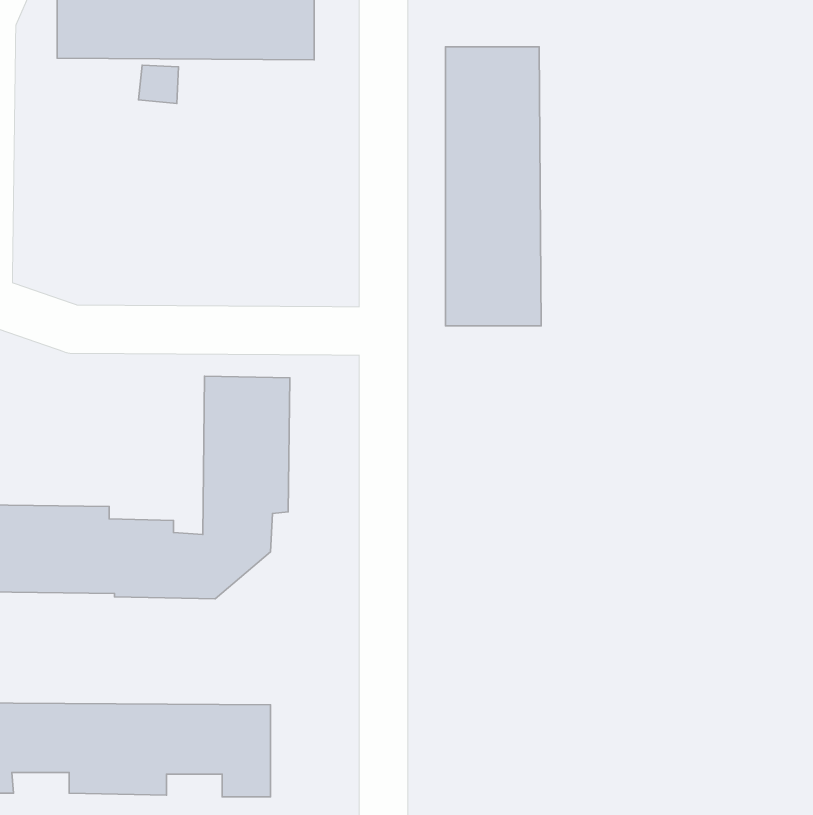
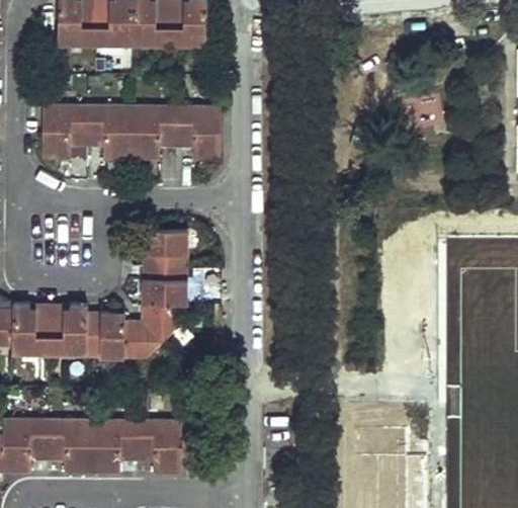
building: [445,47,541,326] -> none
building: none -> [41,106,219,160]

